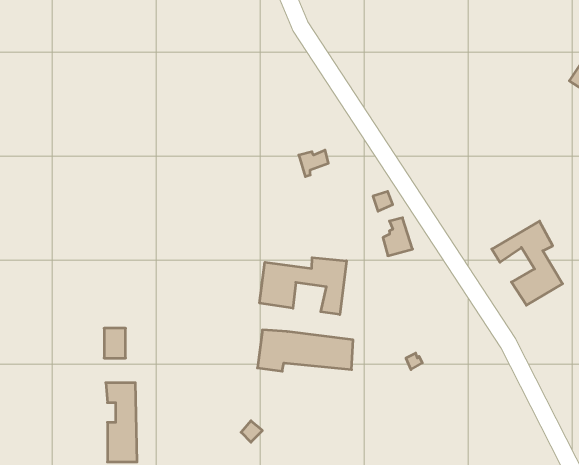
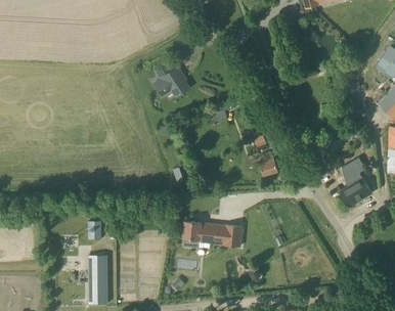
building: none -> [156,65,190,97]
building: [260,258,346,315] -> none

